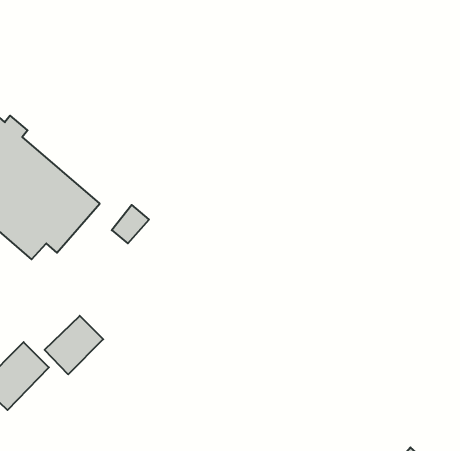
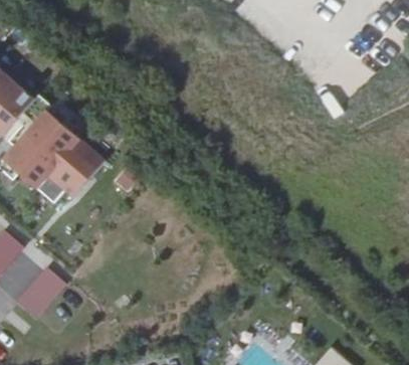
building: [45,316,103,374] -> none

